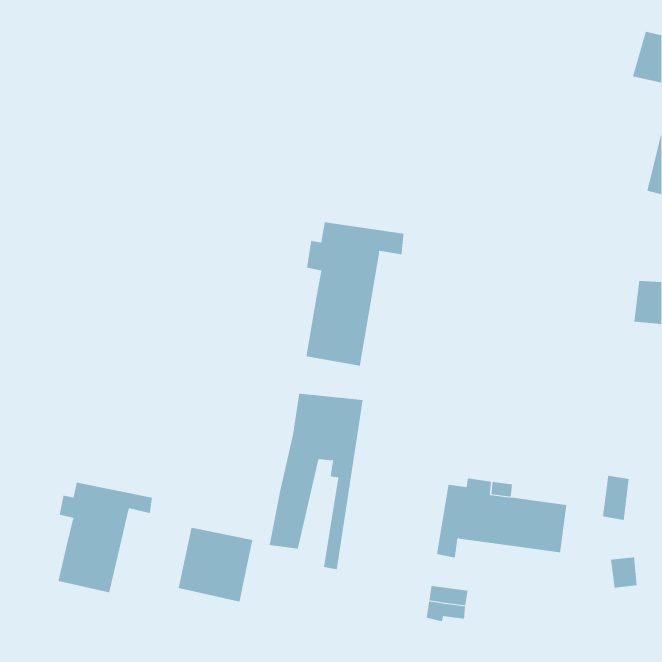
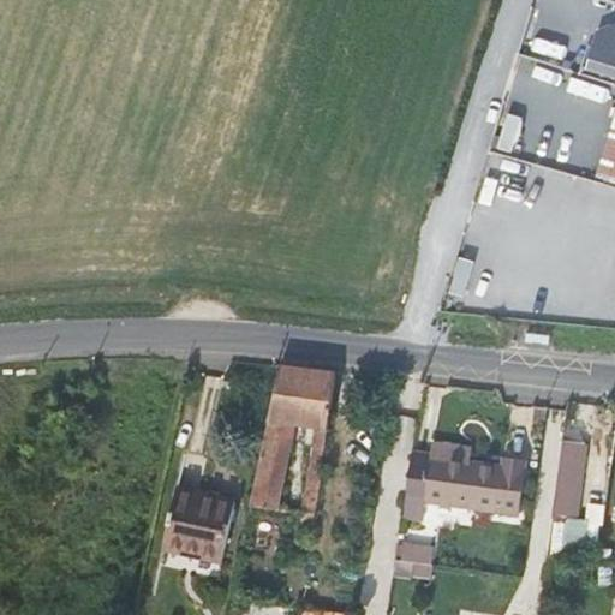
building: [306,222,404,366] -> none
building: [58,482,153,593] -> none

